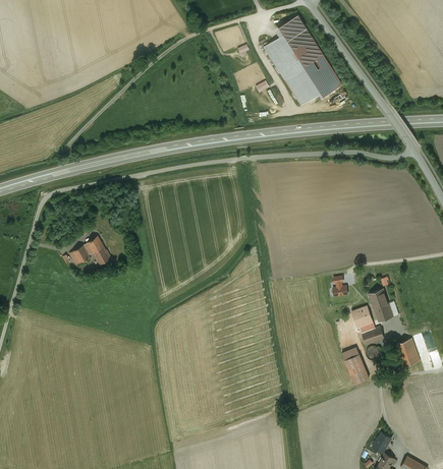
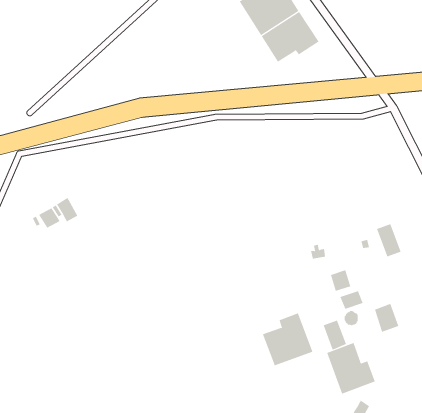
building: [369,289,393,321] -> [376,224,401,257]
building: none -> [262,312,313,366]
building: none -> [326,342,375,395]

